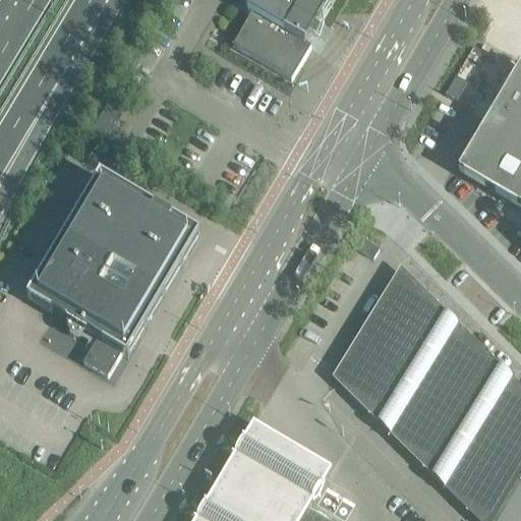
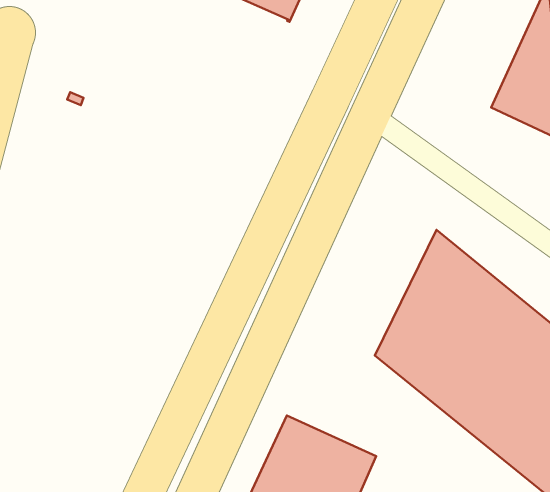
building: [31,174,191,372] -> none

